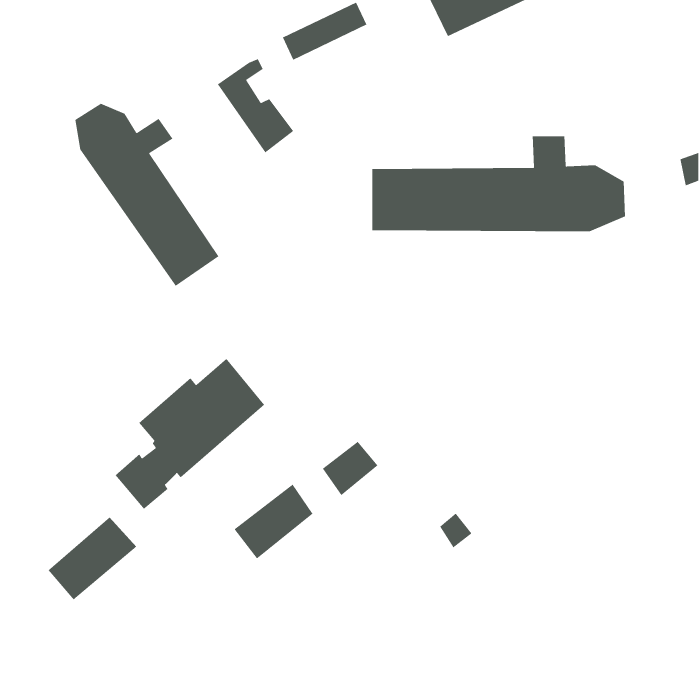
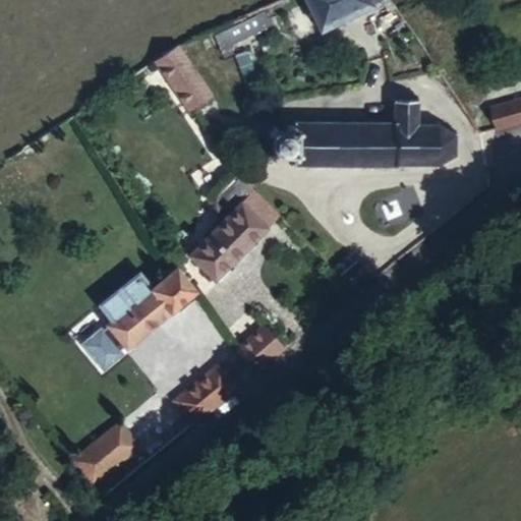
building: [75,103,220,287] -> none
building: none -> [190,173,281,285]
building: [47,516,137,601] -> [71,414,137,476]

